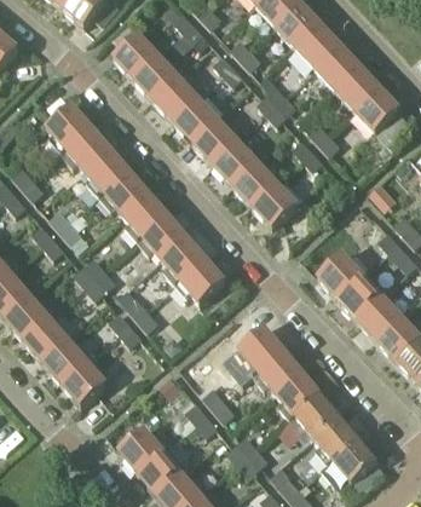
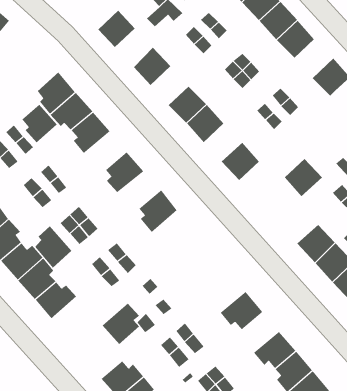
building: [134,56,177,99] -> none
building: [335,68,379,111] -> none
building: [174,98,217,142] -> none
building: none -> [21,104,57,143]
building: [233,162,277,204] -> none
building: [99,171,148,214] -> none
building: [137,215,186,258] -> none
building: [318,253,362,296] -> [284,158,323,197]
building: [175,259,224,303] -> none
building: none -> [34,225,72,268]
building: [237,327,281,374] -> none
building: [63,356,105,403] -> [102,303,140,345]
building: [276,373,318,419] -> none

